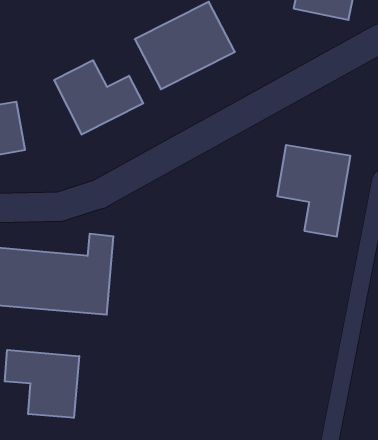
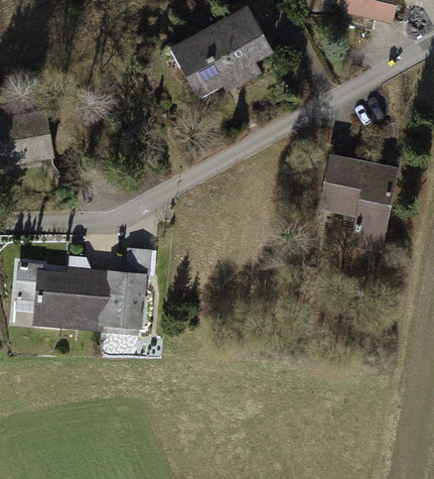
building: [54,60,143,135] -> none
building: [5,350,79,418] -> none

